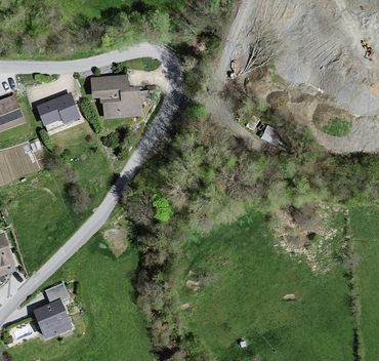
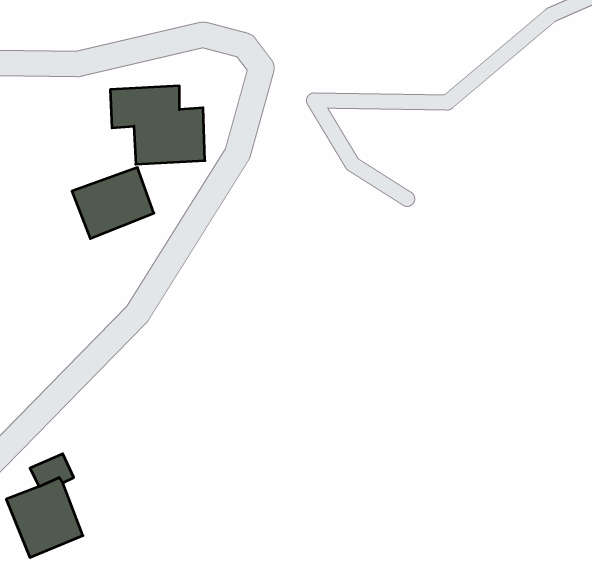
building: [35,92,81,132] -> [72,168,154,239]

